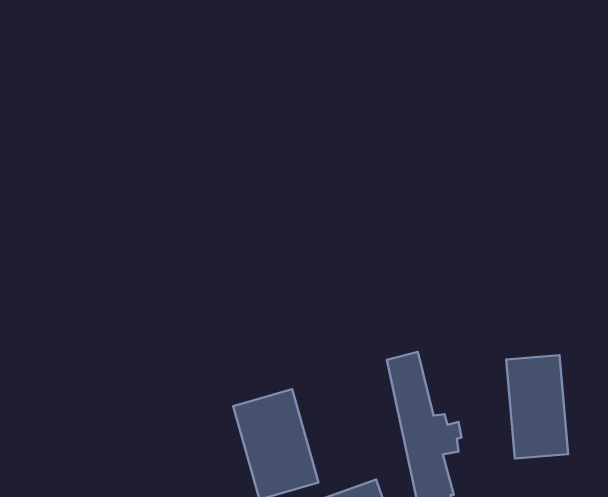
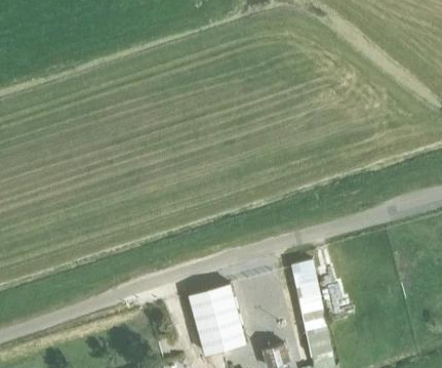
building: [506,355,568,458] -> none

